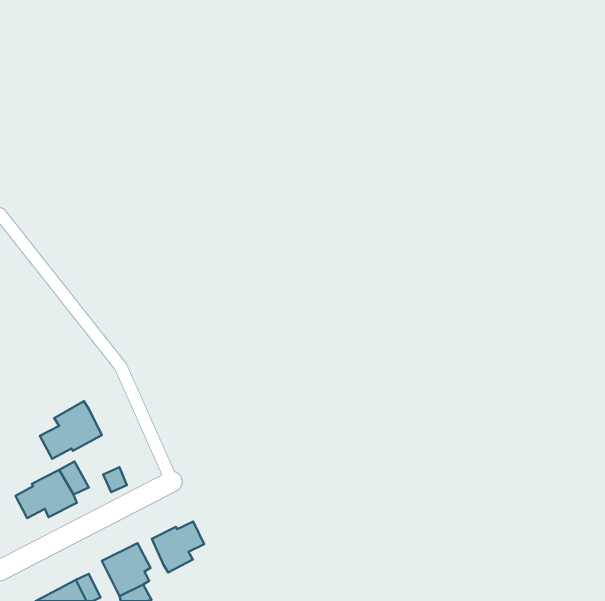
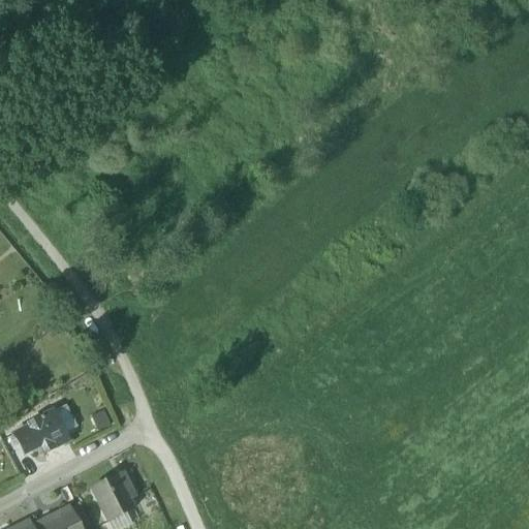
building: [40,401,102,459] -> none
building: [152,521,204,573] -> none

